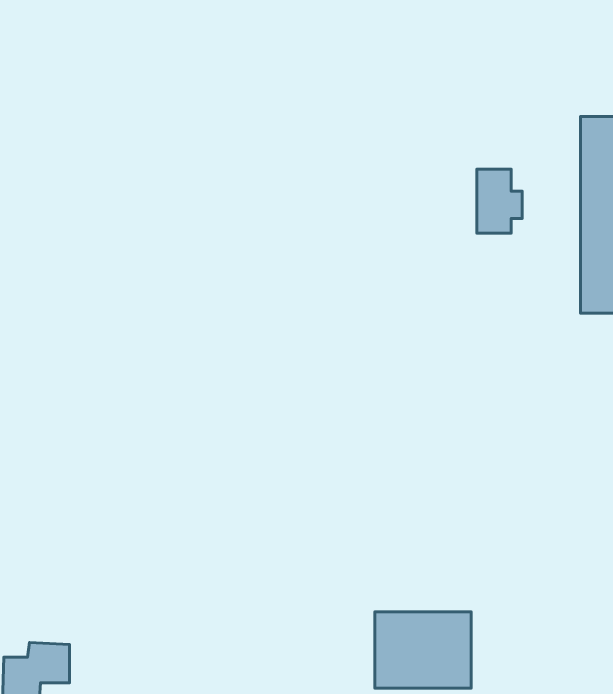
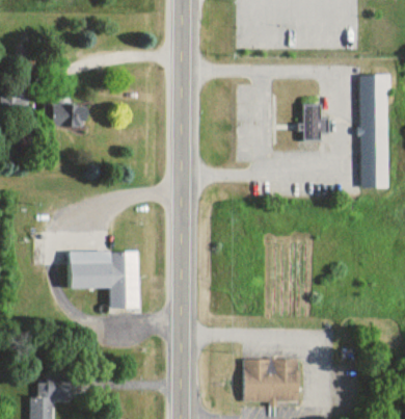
building: none -> [50,107,85,129]
building: none -> [69,252,138,308]

